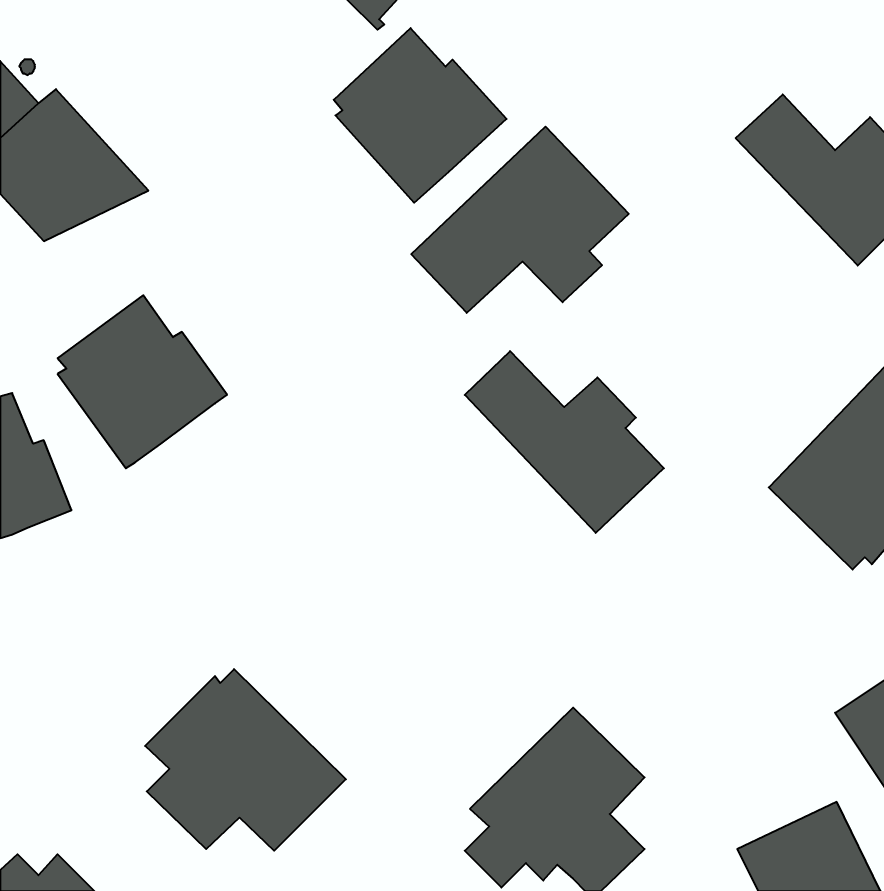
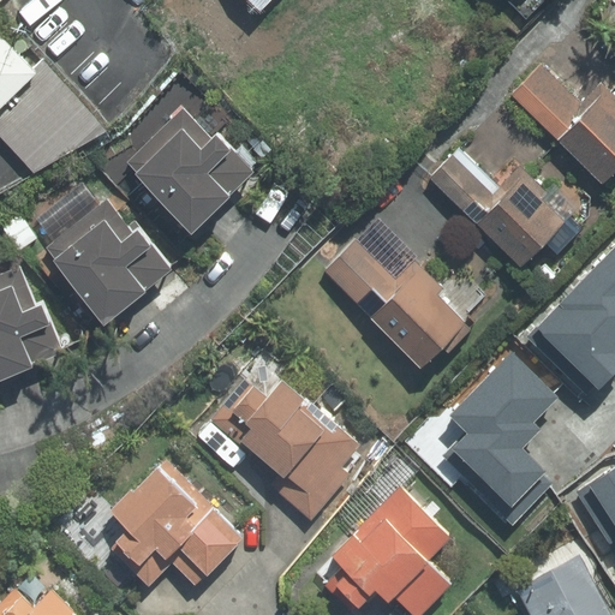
building: [334,28,507,203] -> [130,112,249,232]
building: [411,127,629,313] -> none
building: none -> [431,156,567,263]
building: none -> [448,351,565,523]
building: none -> [214,376,358,515]

